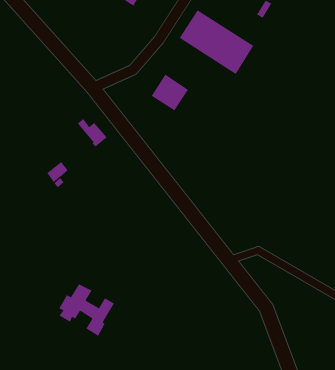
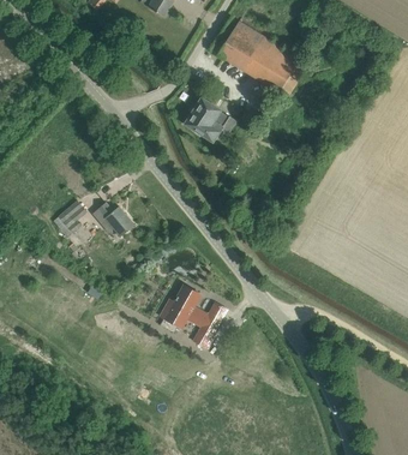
building: [78,118,108,147] -> [98,200,134,235]
building: [59,283,115,337] -> [160,285,227,348]

